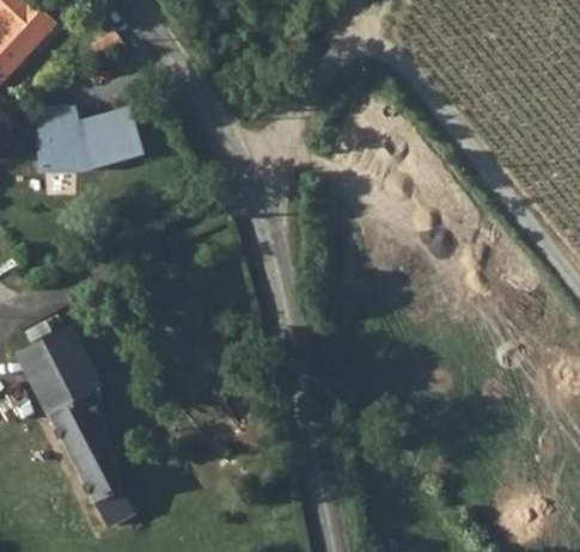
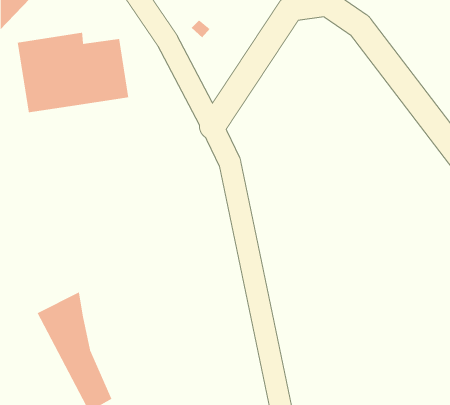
building: [14,325,97,409] -> none

